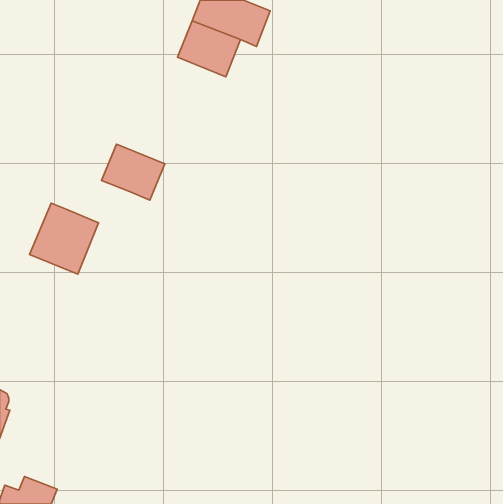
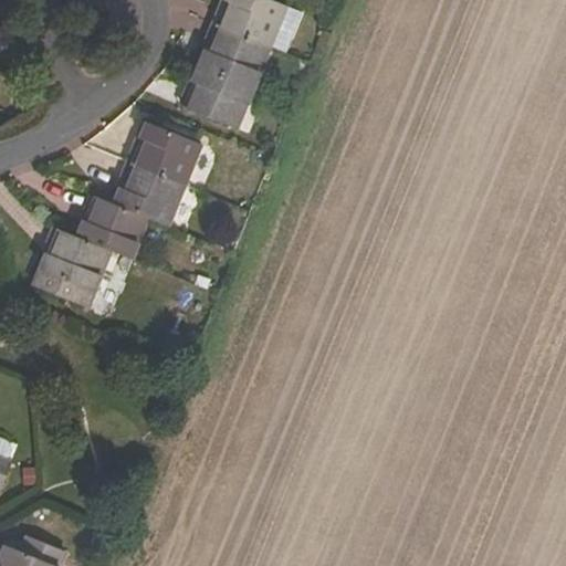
building: none -> [181,64,253,128]
building: none -> [130,122,200,184]
building: none -> [74,193,147,258]

